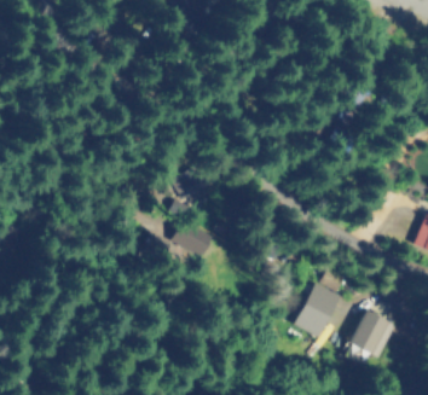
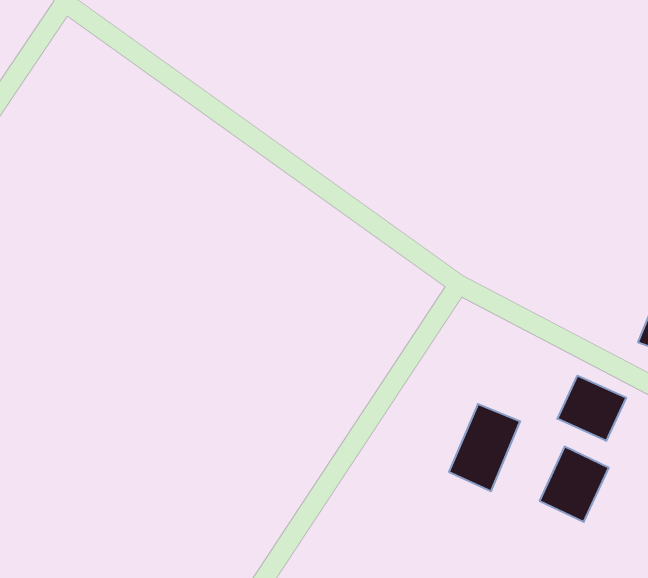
building: none -> [557,376,626,441]

